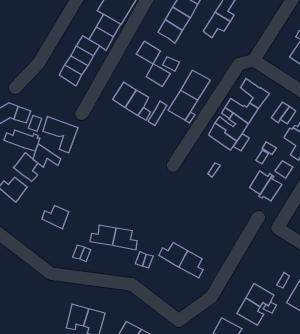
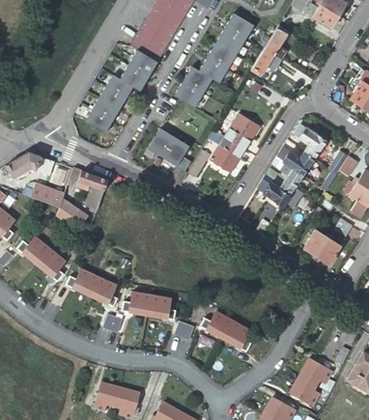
building: [146,64,171,87] -> [183,66,211,92]
building: [13,153,38,182] -> [36,248,64,281]
building: none -> [90,276,118,306]

